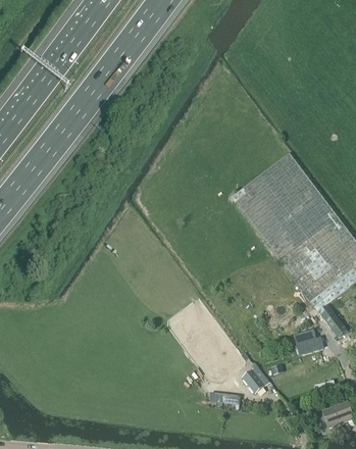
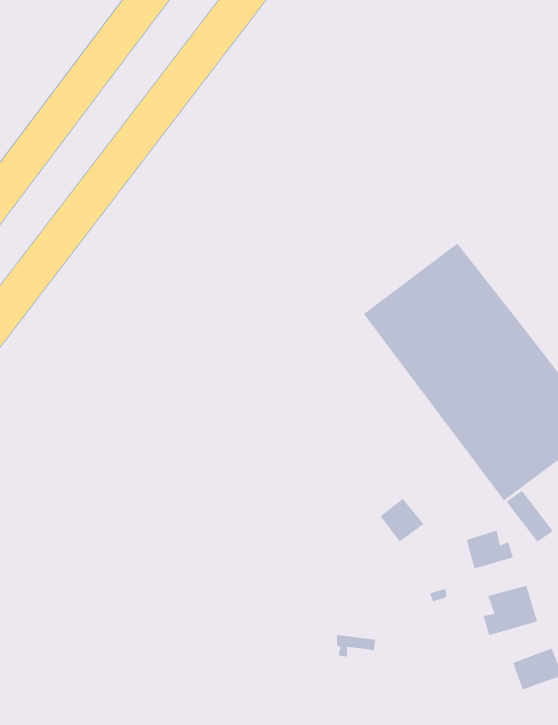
building: none -> [483,585,538,636]
building: [242,365,269,393] -> [380,498,424,543]

